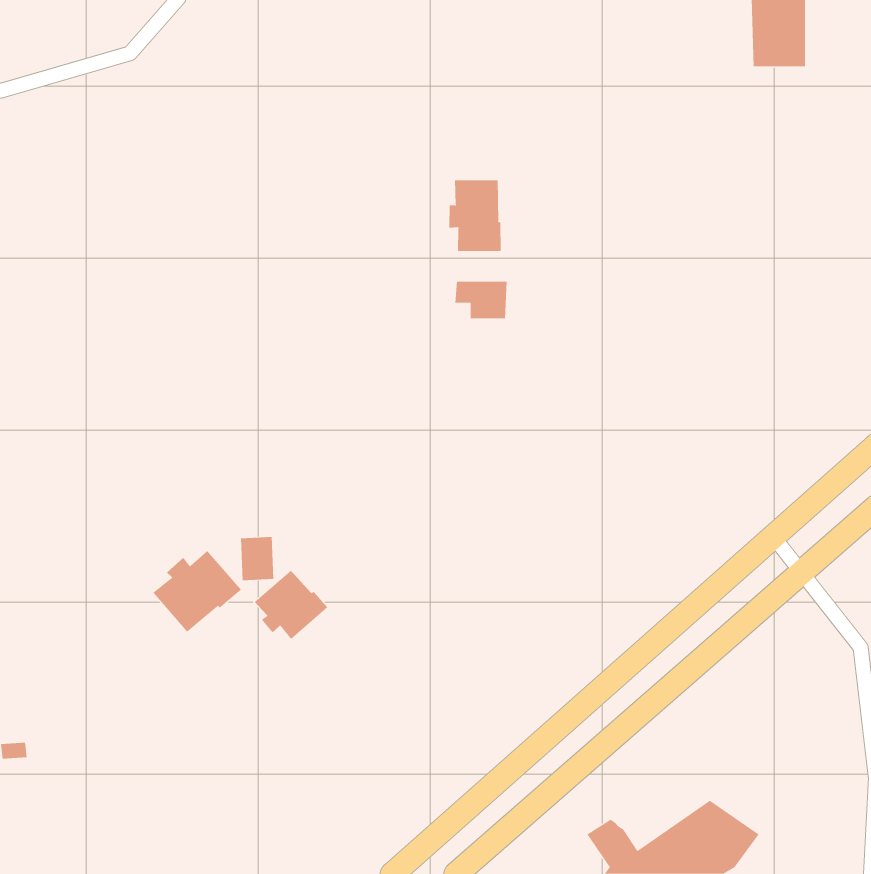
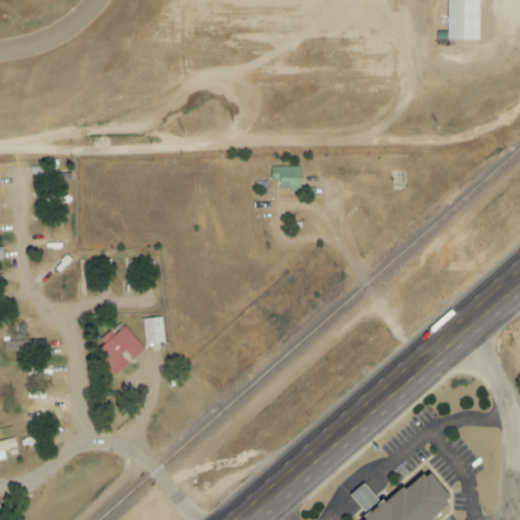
building: [449,180,501,252] -> none
building: [254,570,328,640] -> none

